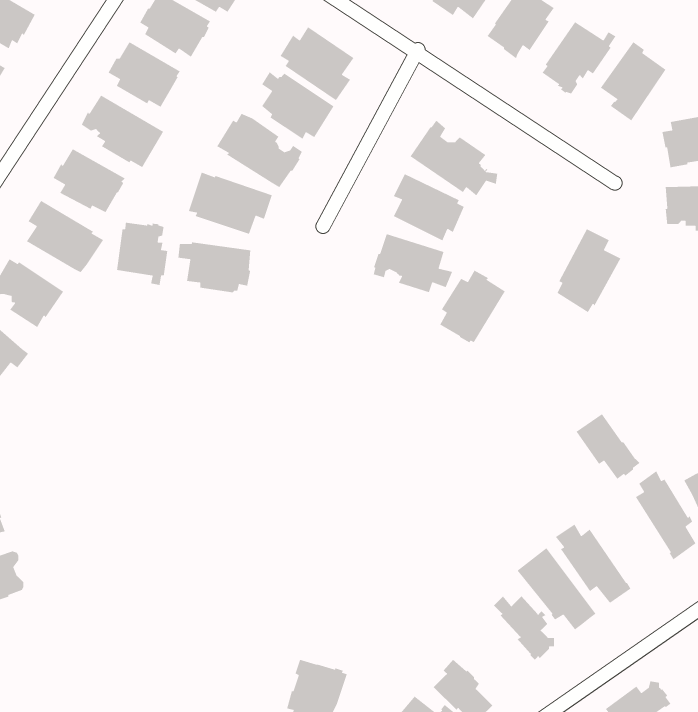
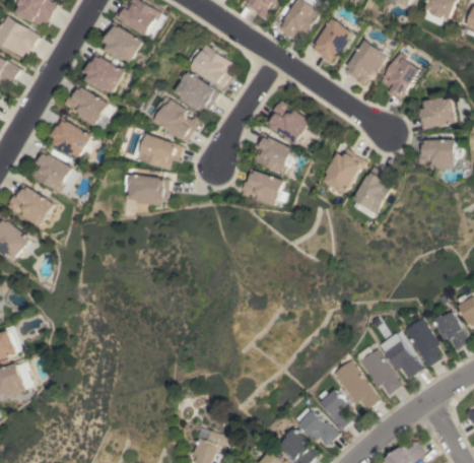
building: [116,222,168,286] -> none
building: [439,270,506,343] -> [325,148,365,193]
building: [576,413,641,480] -> [381,339,420,380]
building: none -> [296,410,338,446]

